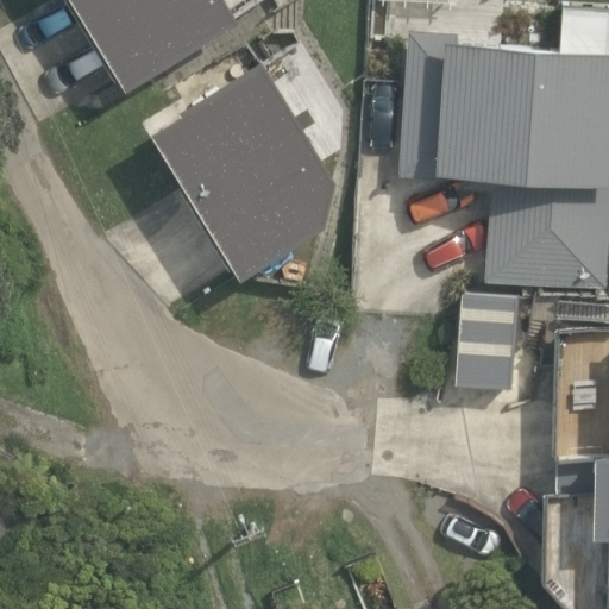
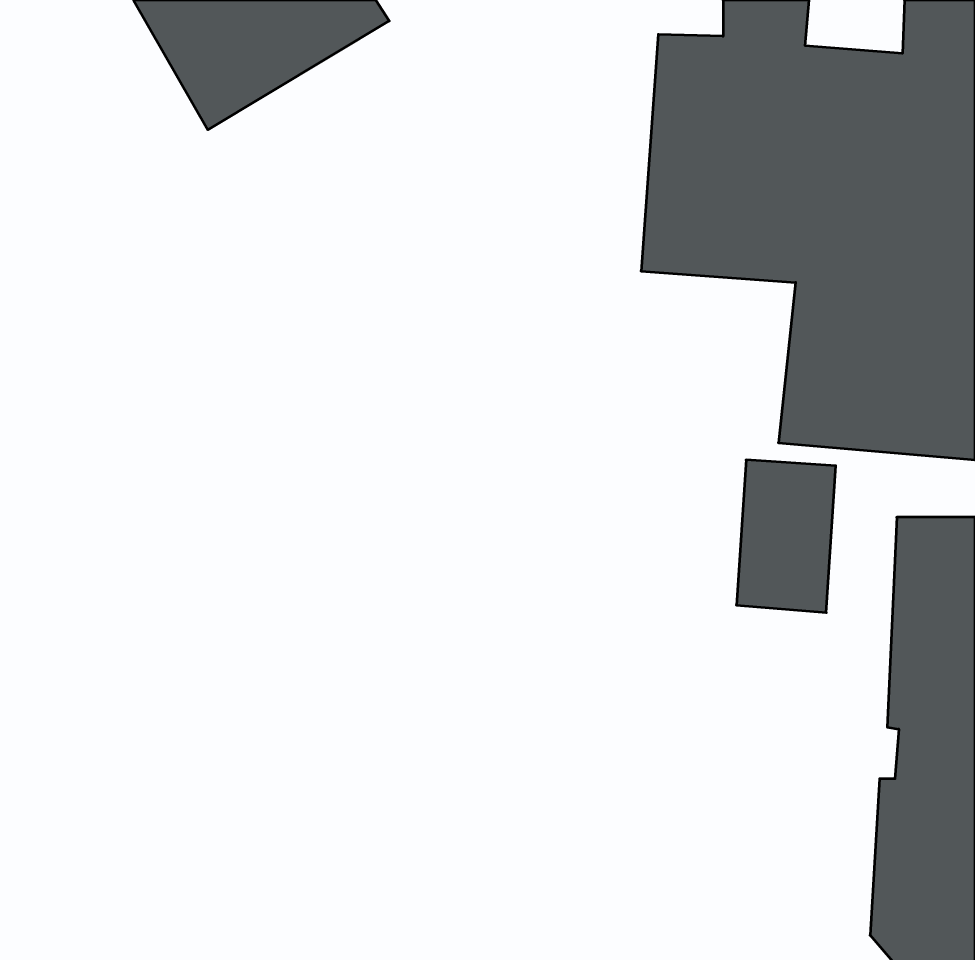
building: [157,59,340,278] -> none

